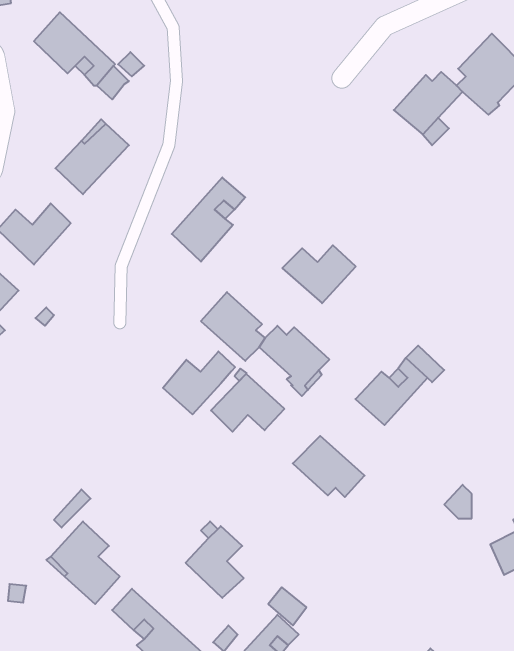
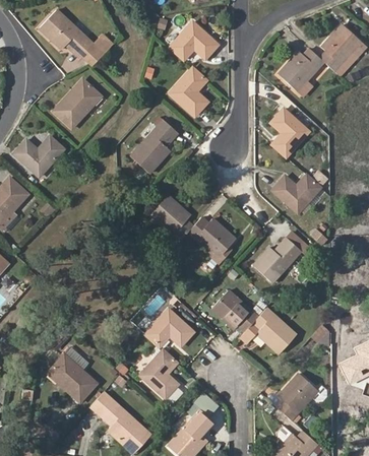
building: none -> [169,21,218,60]
building: none -> [170,68,207,115]
building: none -> [270,109,309,156]
building: [282,245,356,303] -> [271,175,320,213]
building: [163,351,235,414] -> none
building: [211,374,284,432] -> [144,309,193,347]
building: none -> [239,308,297,355]
building: none -> [274,376,326,421]

